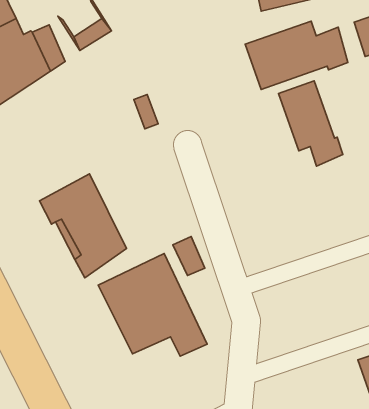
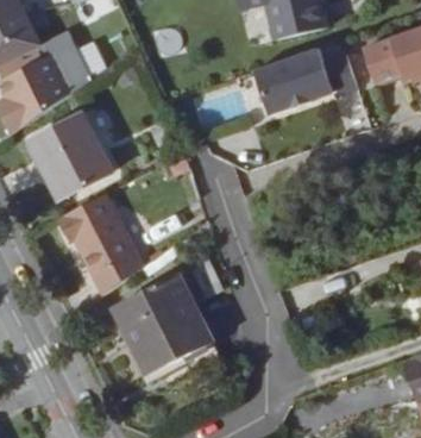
building: [279,81,343,166] -> none
building: none -> [31,113,109,195]

